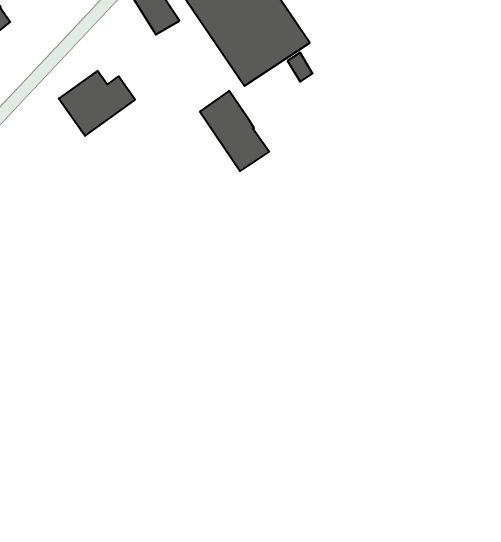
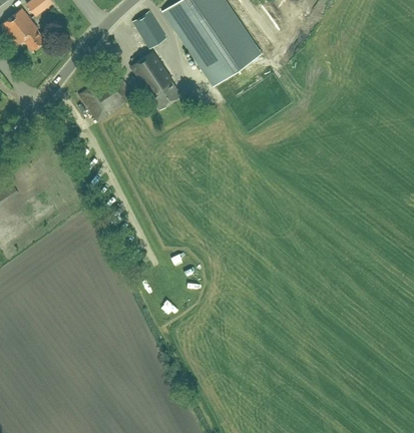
building: [200,91,269,171] -> [131,51,181,109]

